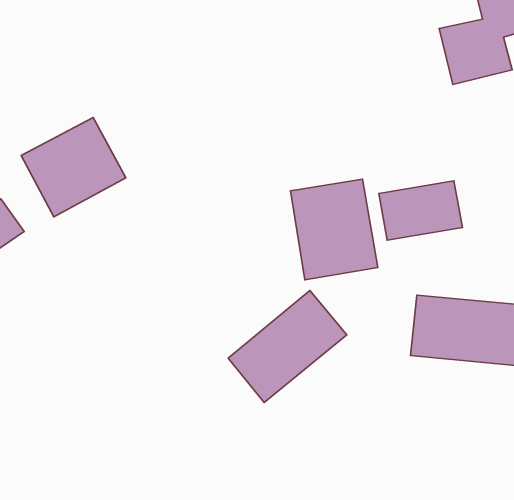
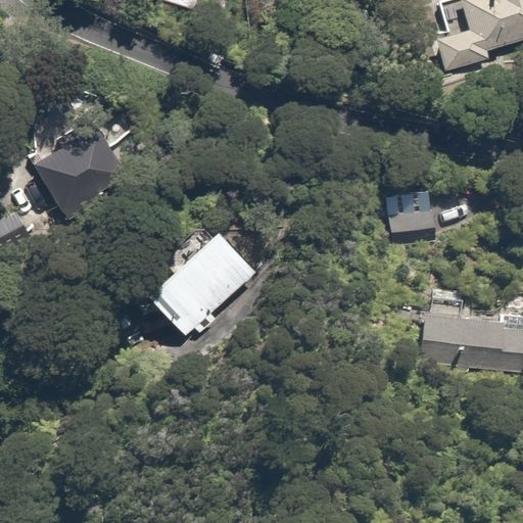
building: [290,179,378,280] -> none
building: [228,291,347,403] -> [148,228,263,336]

